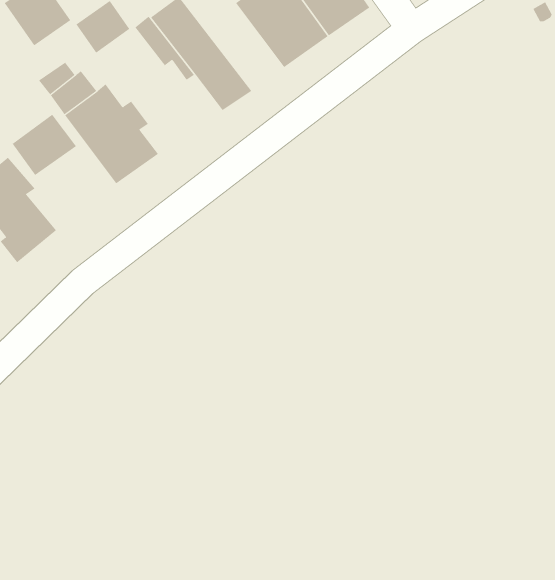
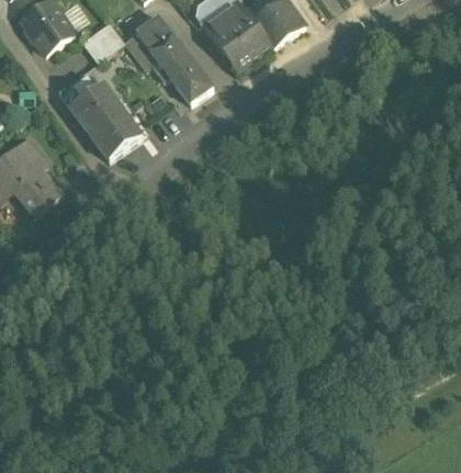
building: [12,114,77,176] -> none

